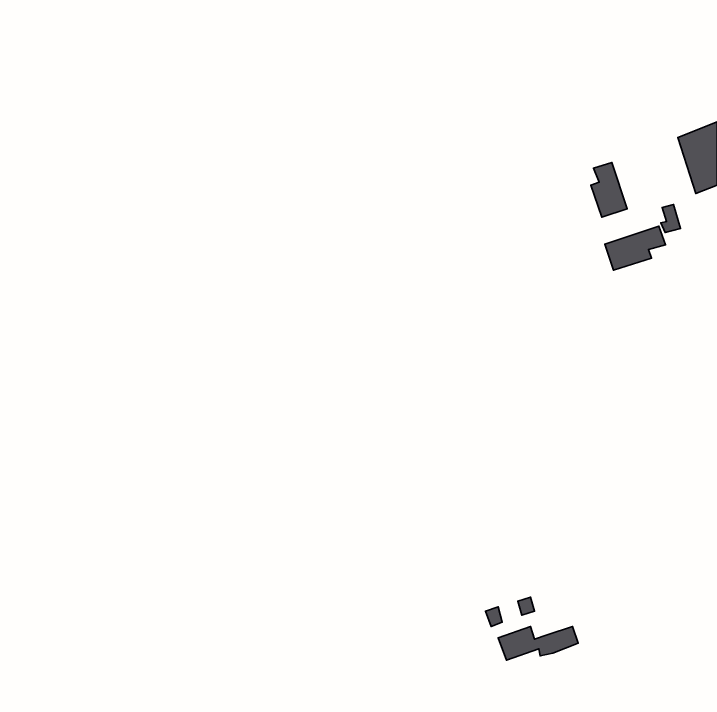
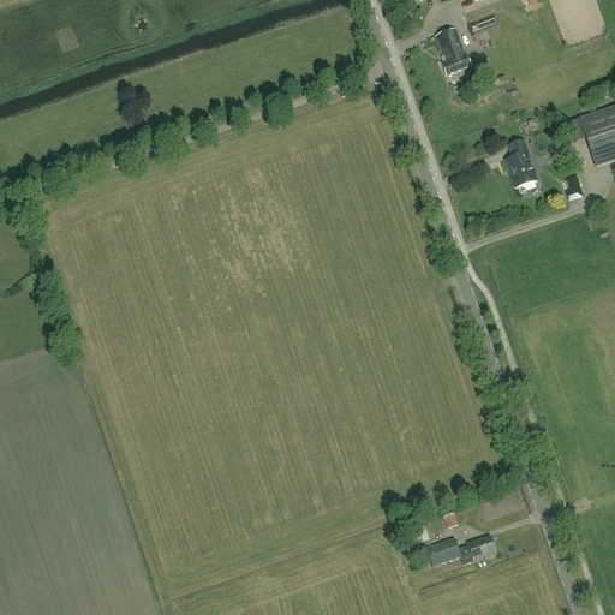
building: none -> [435,28,472,77]
building: [605,226,665,270] -> none

